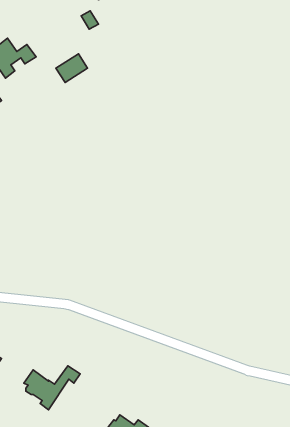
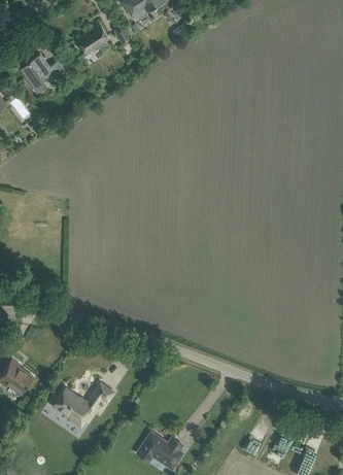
building: [56,54,88,82] -> [75,25,107,54]

